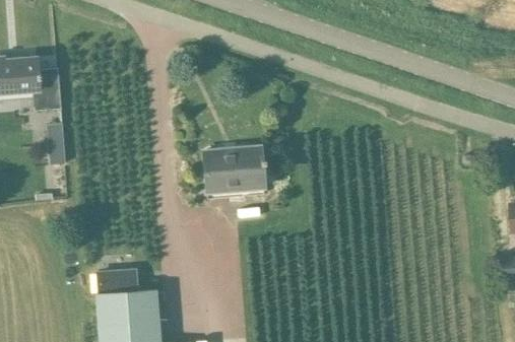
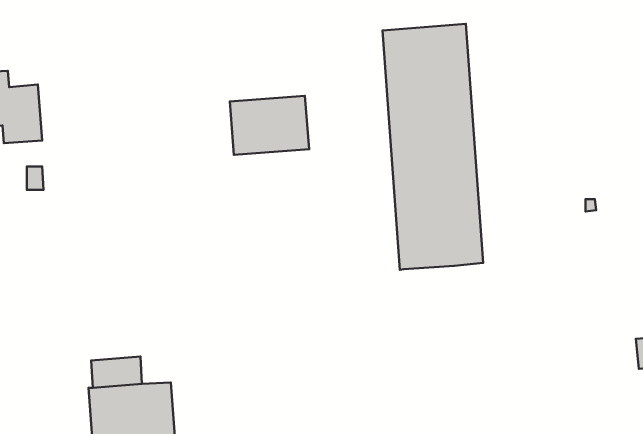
building: none -> [382,24,483,270]
building: [205,147,264,191] -> [230,96,309,155]

